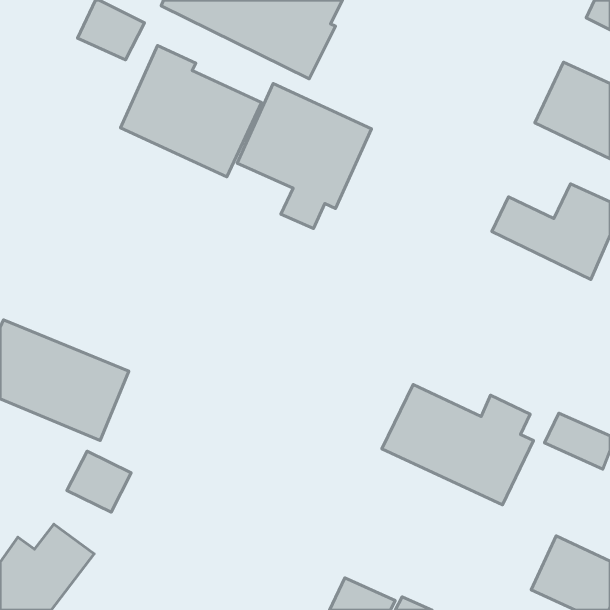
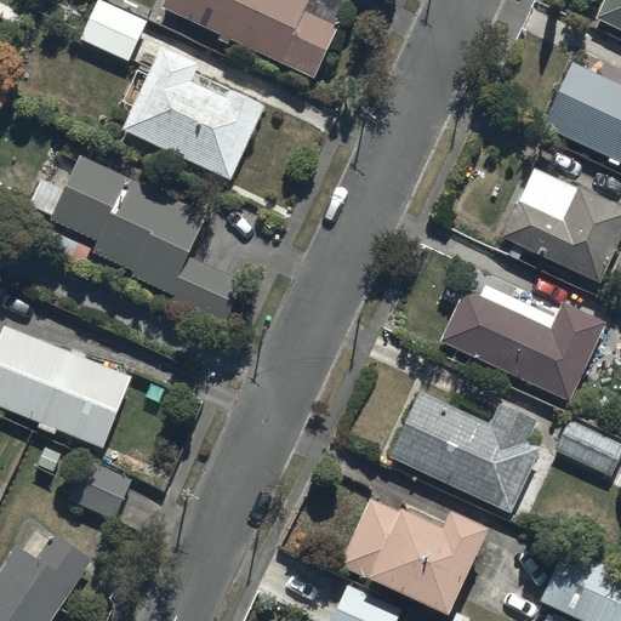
building: [237,84,371,228] -> none
building: none -> [30,155,245,327]
building: none -> [441,290,608,401]
building: none -> [340,495,489,615]

